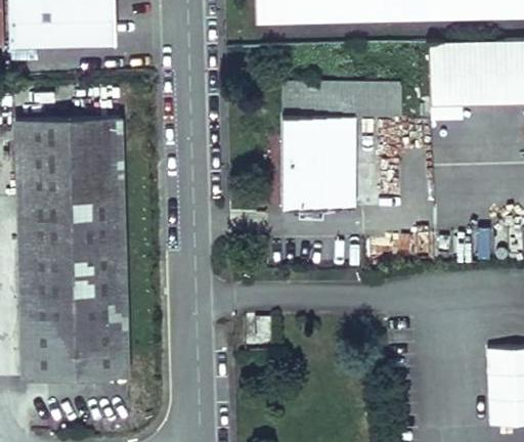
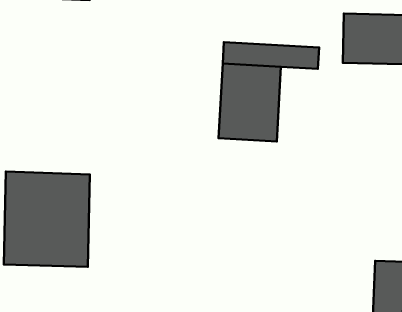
building: [16,118,125,264] -> none

